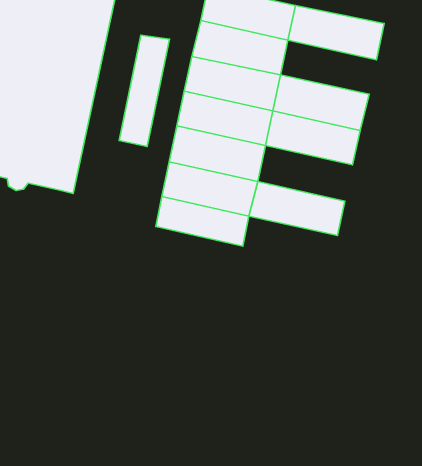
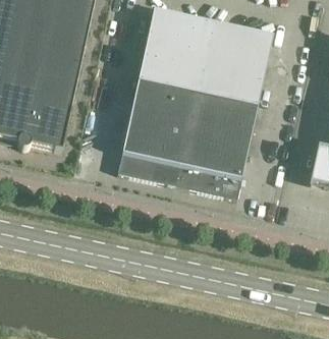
building: [119,35,169,147] -> none
building: none -> [203,45,268,81]
building: none -> [187,116,252,154]
building: none -> [177,164,241,197]

